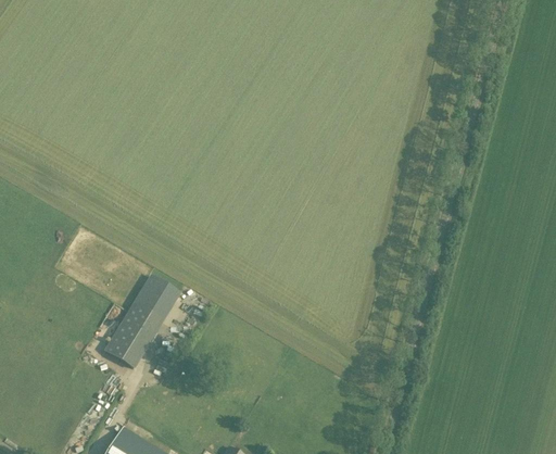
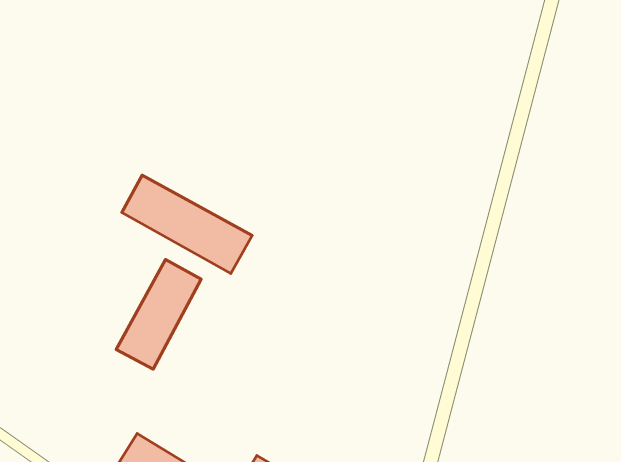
building: none -> [122,175,252,273]

